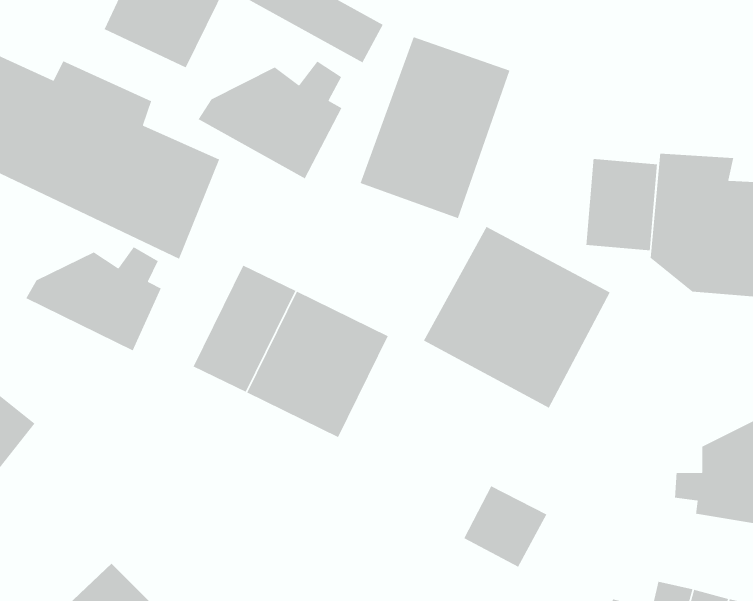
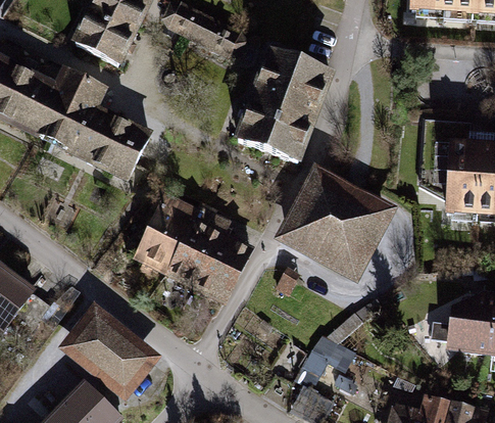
building: [198,60,343,180] -> none
building: [586,158,658,251] -> none
building: [25,246,162,352] -> none
building: none -> [60,304,154,395]

